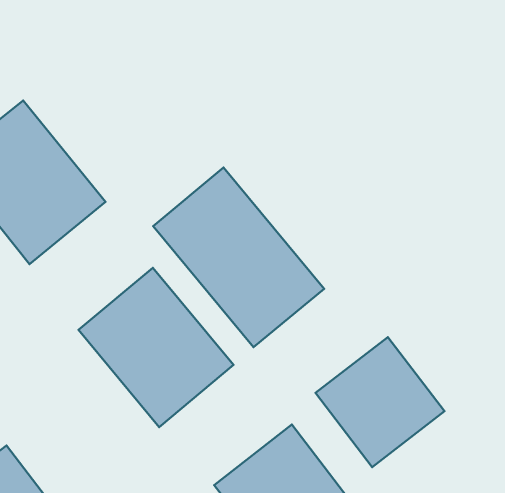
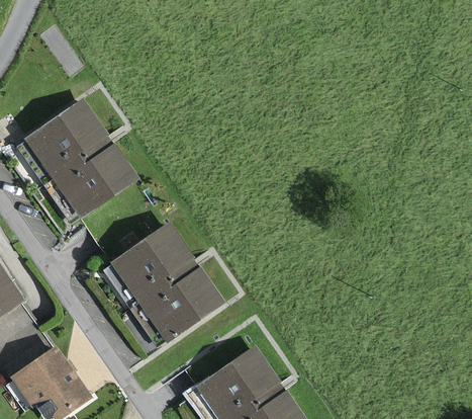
building: [153,168,324,347] -> none
building: [315,337,444,467] -> none

